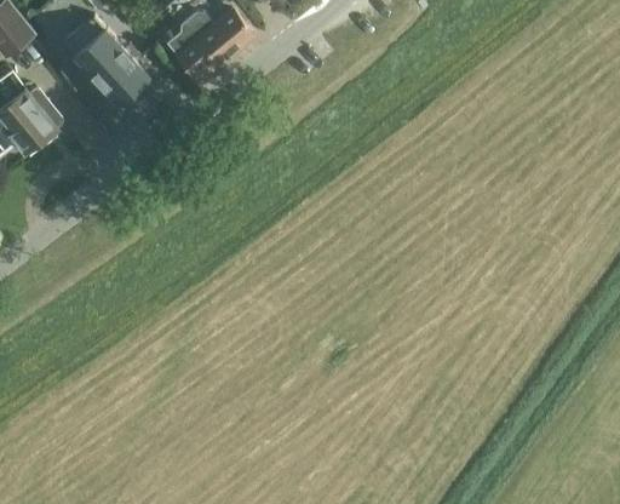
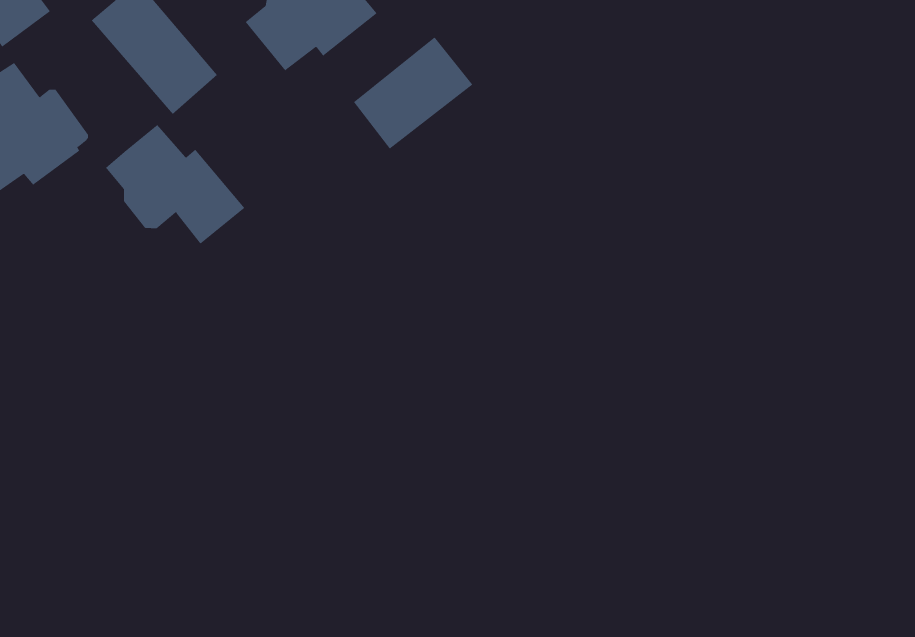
building: none -> [353,37,473,150]
building: none -> [105,124,245,245]

